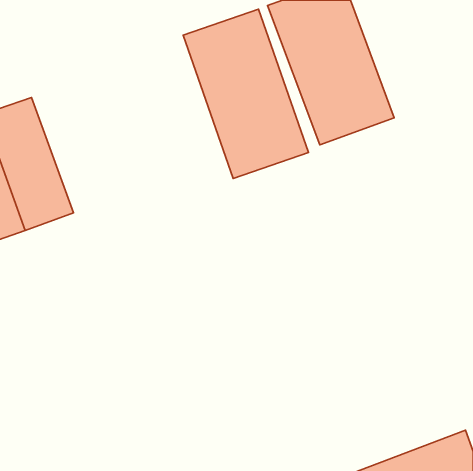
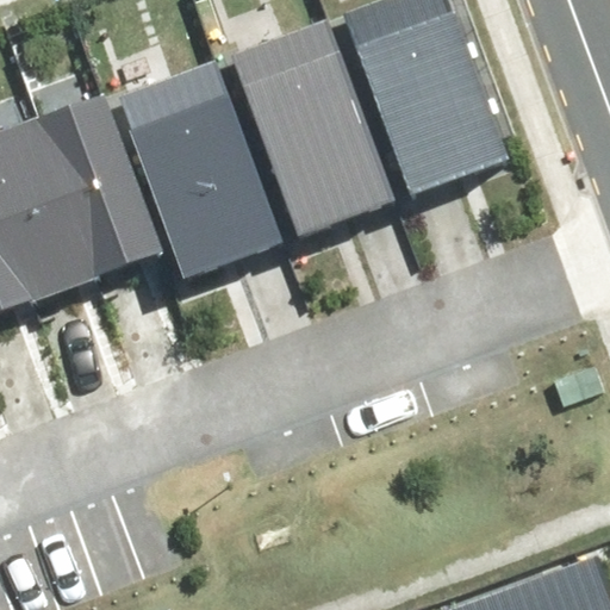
building: none -> [120,57,281,273]
building: none -> [41,107,156,278]

